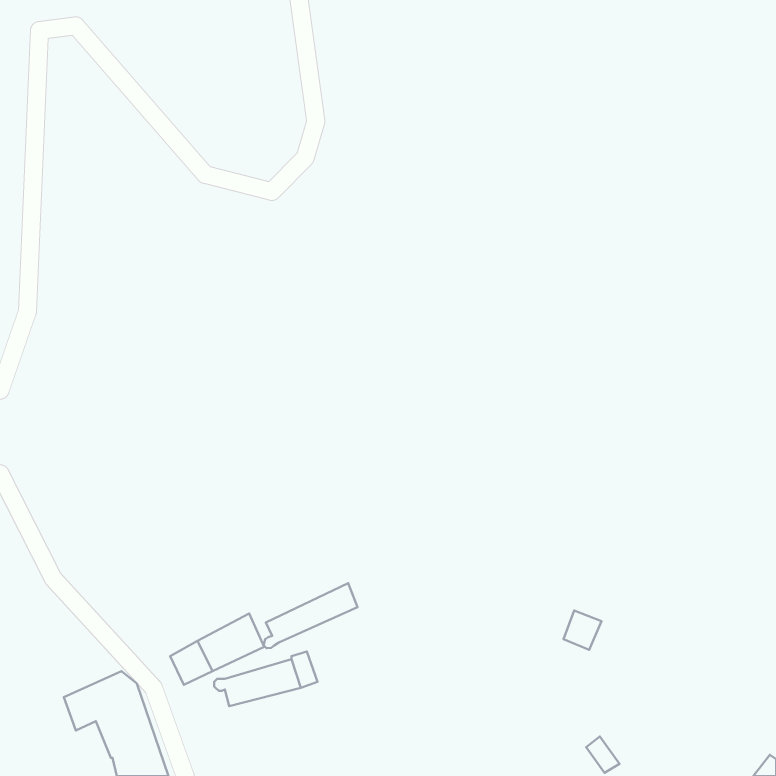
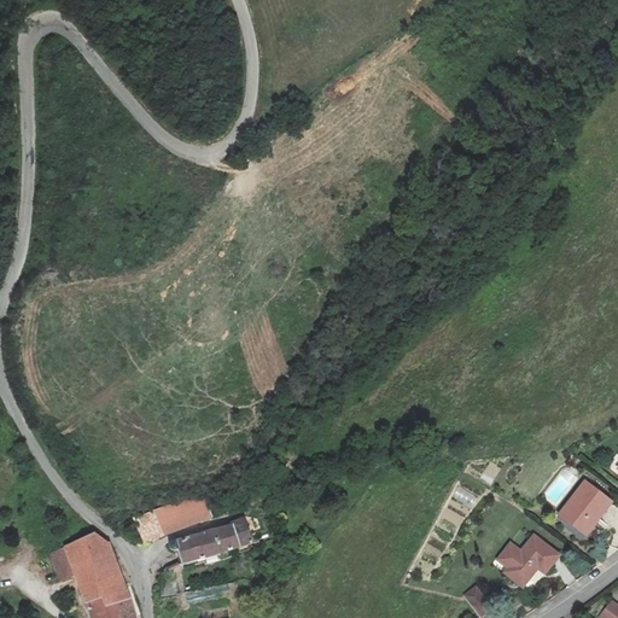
building: [263,583,357,648] -> none
building: none -> [560,482,611,534]
building: none -> [499,535,560,587]

